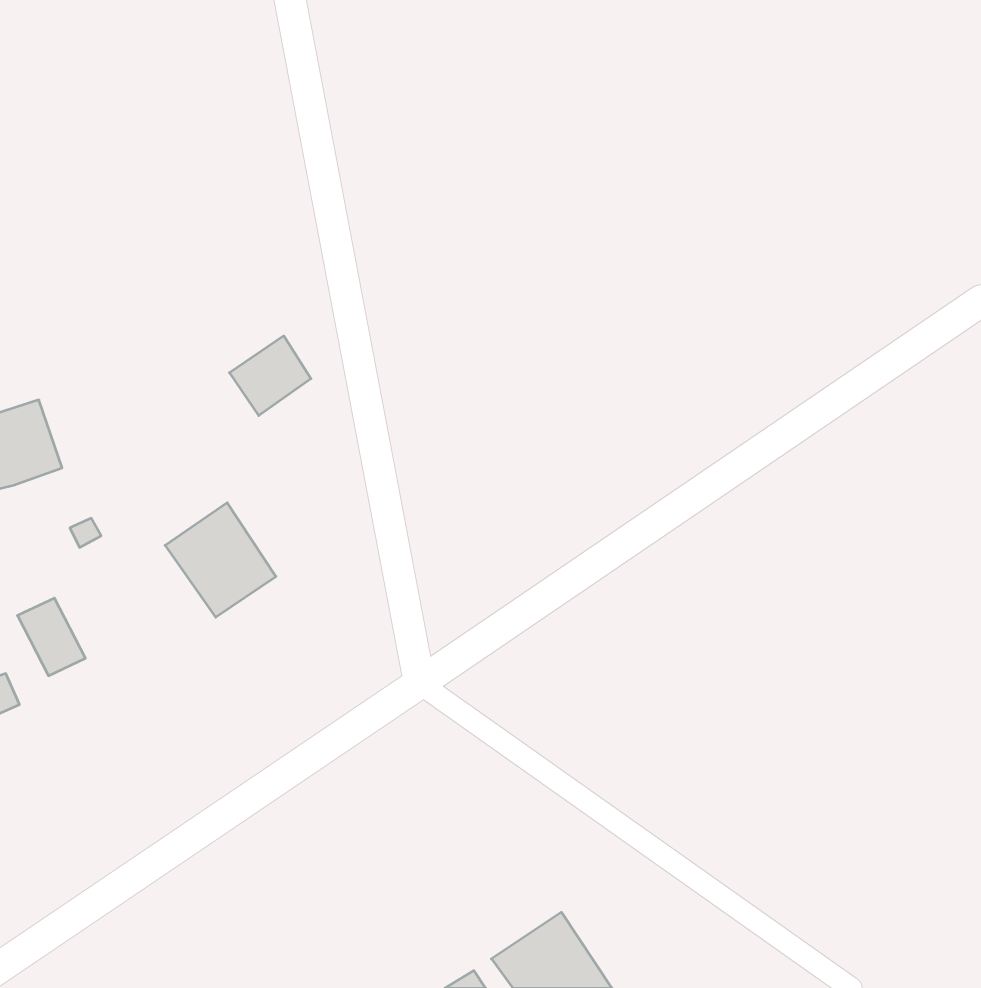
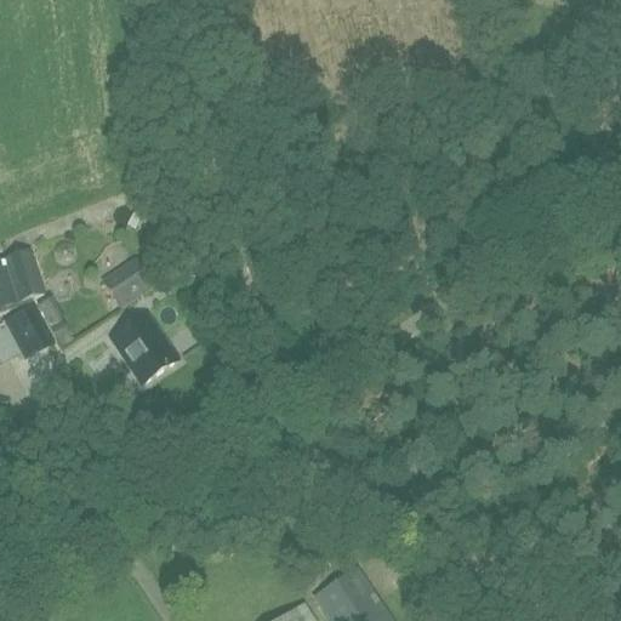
building: [229,336,311,416] -> [96,260,147,309]
building: [17,598,85,676] -> [5,308,47,357]

